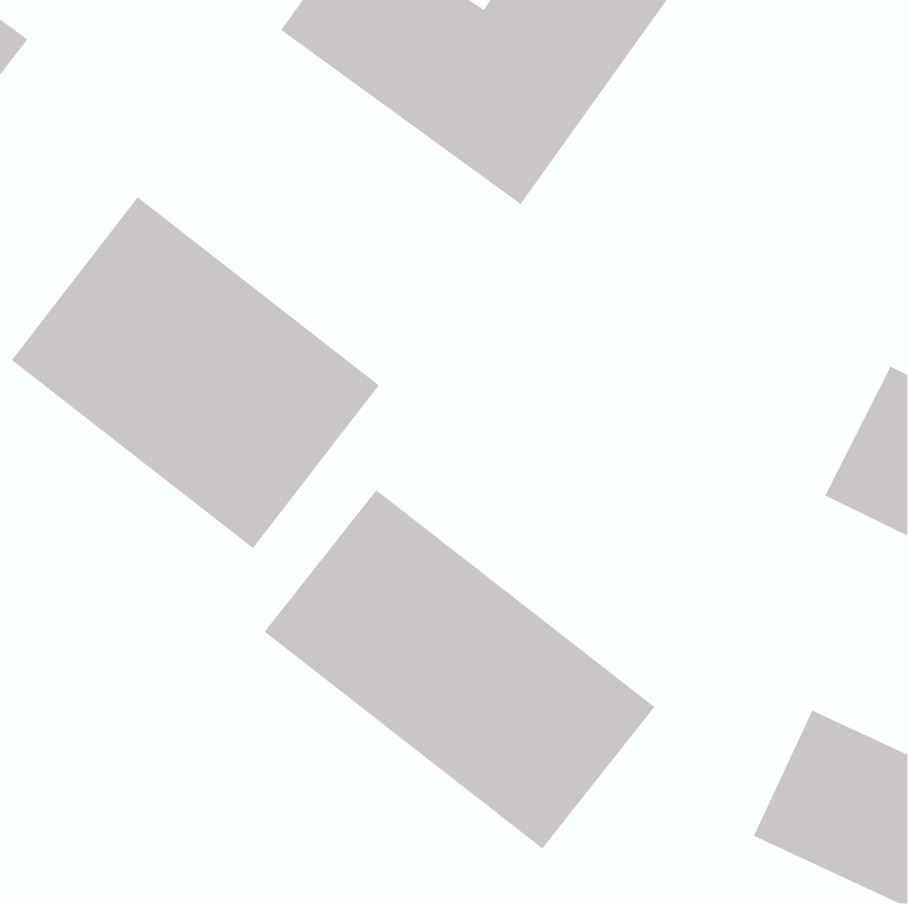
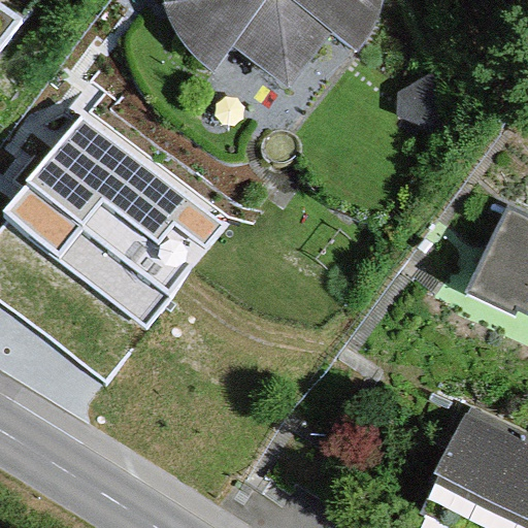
building: [263,489,655,849] -> none

